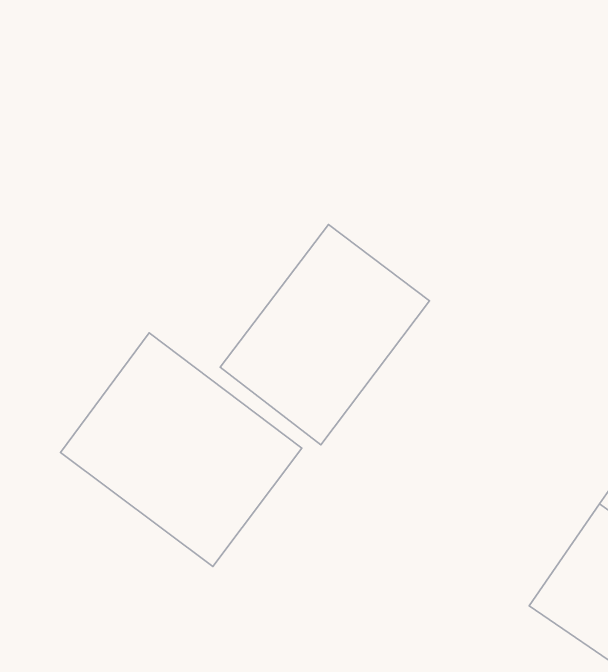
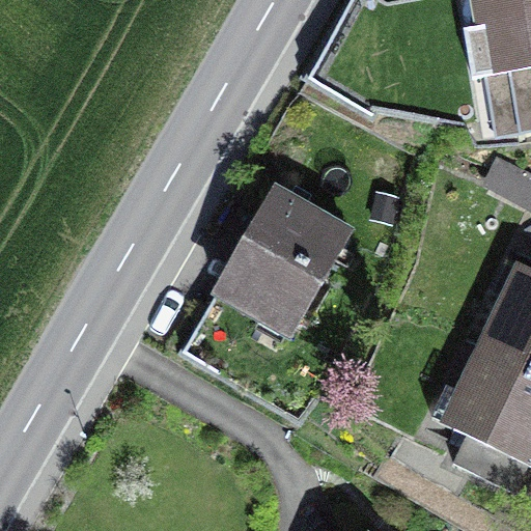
building: [61,333,302,566] -> none

